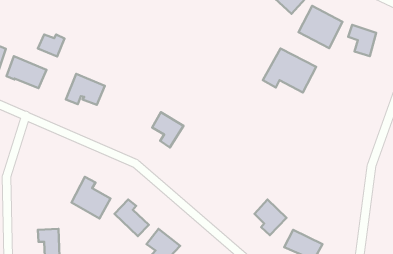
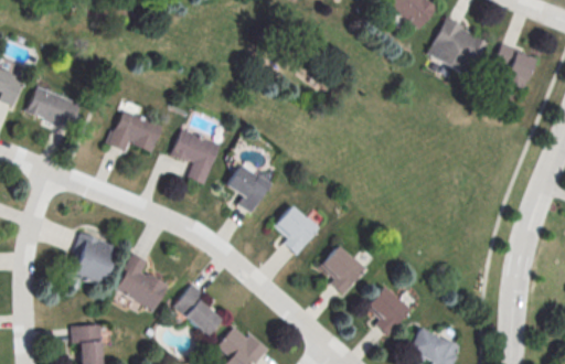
building: [38,34,65,57] -> none
building: [263,49,316,92] -> none
building: none -> [169,131,218,185]
building: none -> [273,207,319,256]
building: none -> [72,232,117,285]
building: none -> [317,244,364,293]

